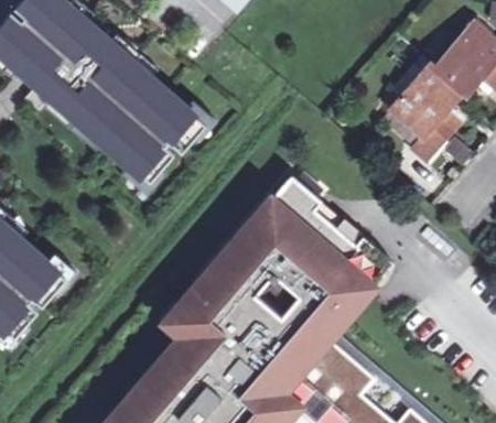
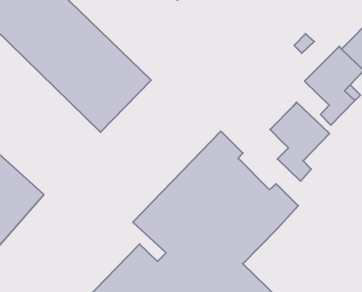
building: none -> [270,102,329,181]
building: [163,293,230,339] -> none

